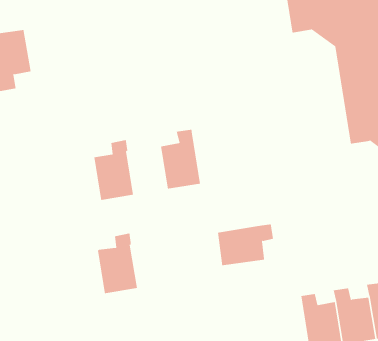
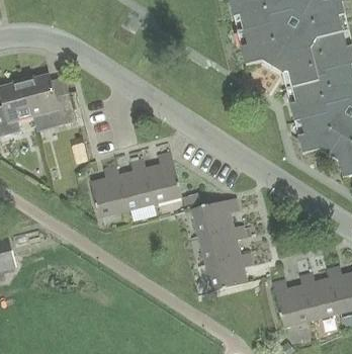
building: none -> [23,73,76,129]
building: none -> [191,196,239,235]
building: [97,233,138,294] -> [117,157,154,209]
building: none -> [204,250,253,290]

